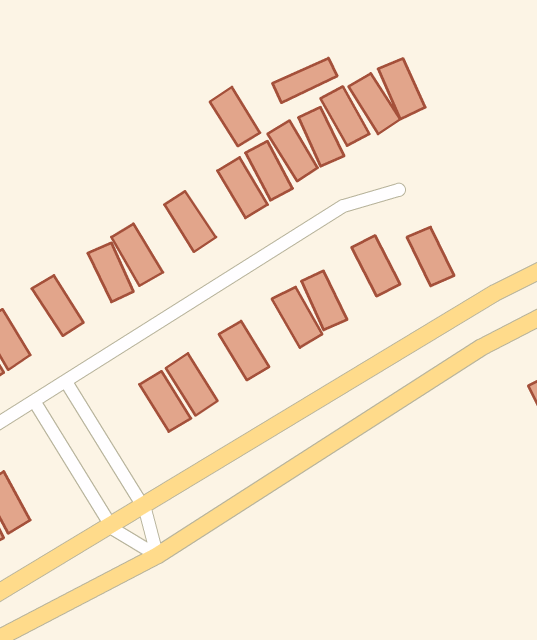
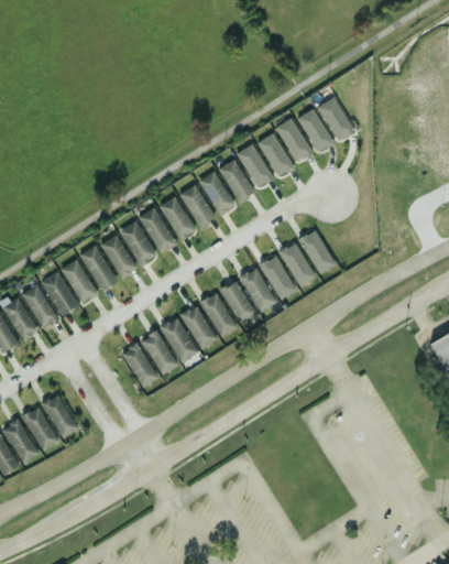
building: [273,58,337,103] -> none
building: [210,87,260,146] -> [178,184,216,228]
building: none -> [139,207,175,254]
building: [407,227,454,286] -> [280,242,315,286]
building: none -> [78,245,117,291]
building: none -> [42,272,76,316]
building: none -> [219,280,256,325]
building: none -> [182,305,216,349]
building: none -> [122,343,157,388]
building: none -> [42,393,77,438]

